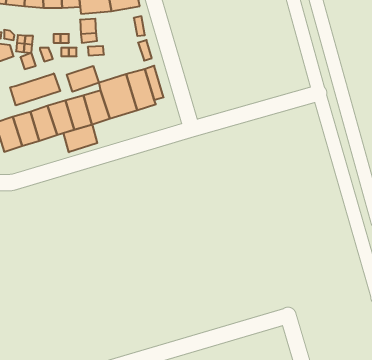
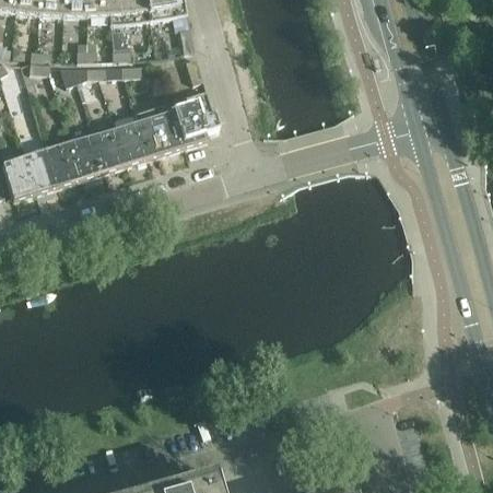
building: [67,66,99,92] -> none
building: [10,73,60,105] -> none
building: [63,124,97,152] -> none

